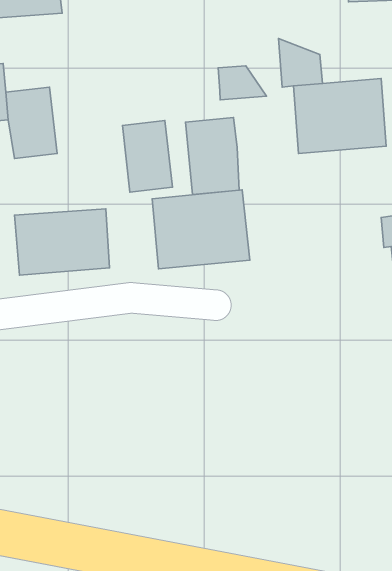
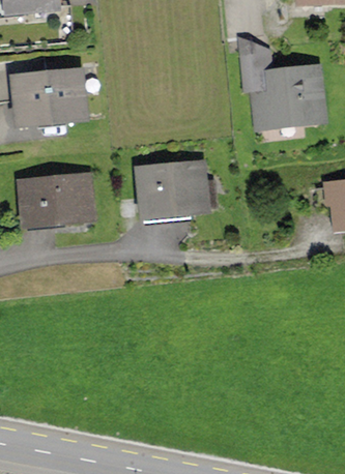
building: [218,66,267,100] -> none
building: [185,118,239,195] -> none
building: [122,121,172,192] -> [48,68,89,127]

